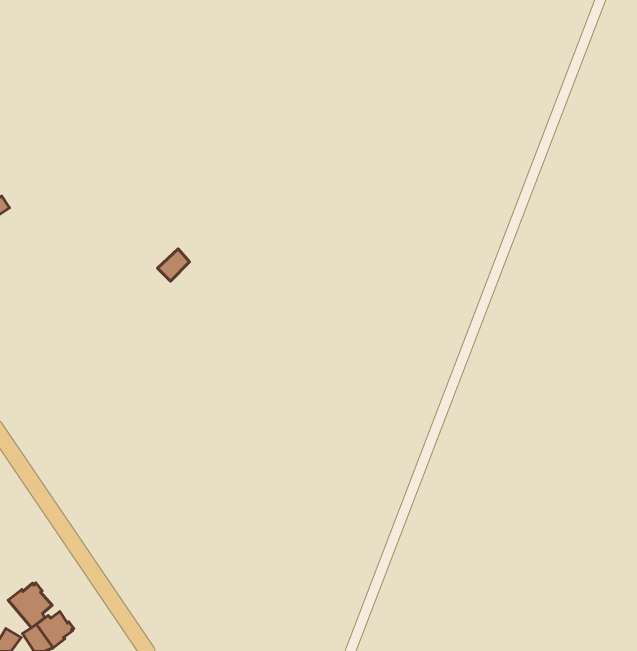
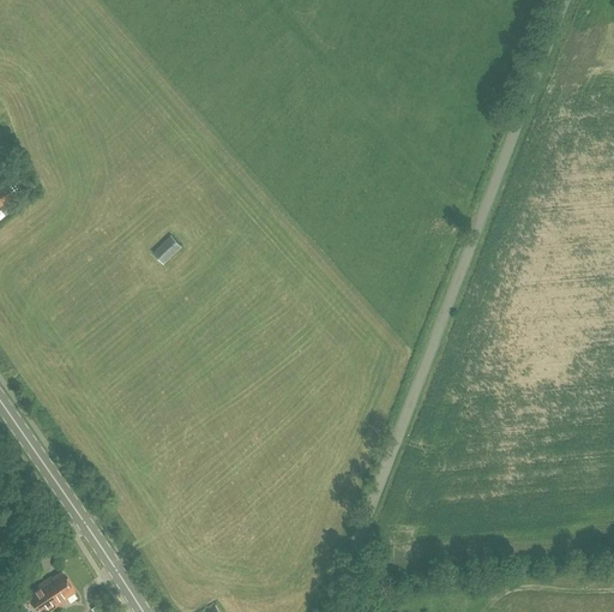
building: [8,583,52,628] -> none

